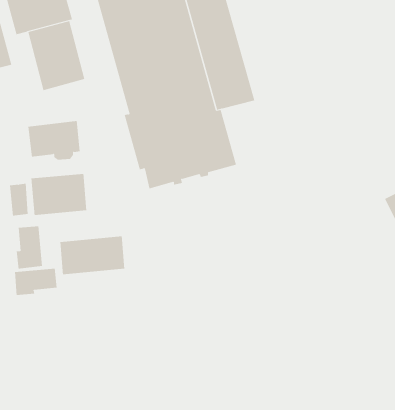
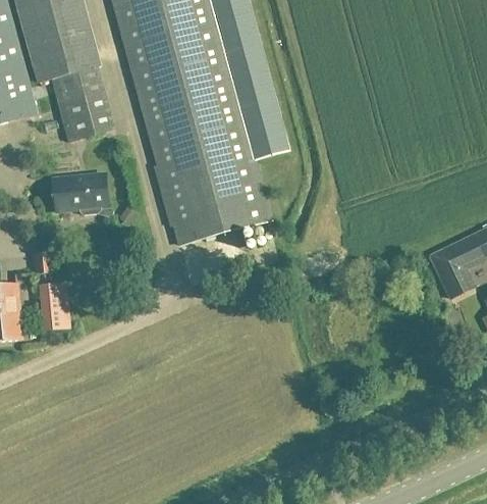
building: [31,173,87,216] -> none
building: [60,235,125,275] -> none
building: [14,268,57,296] -> none

